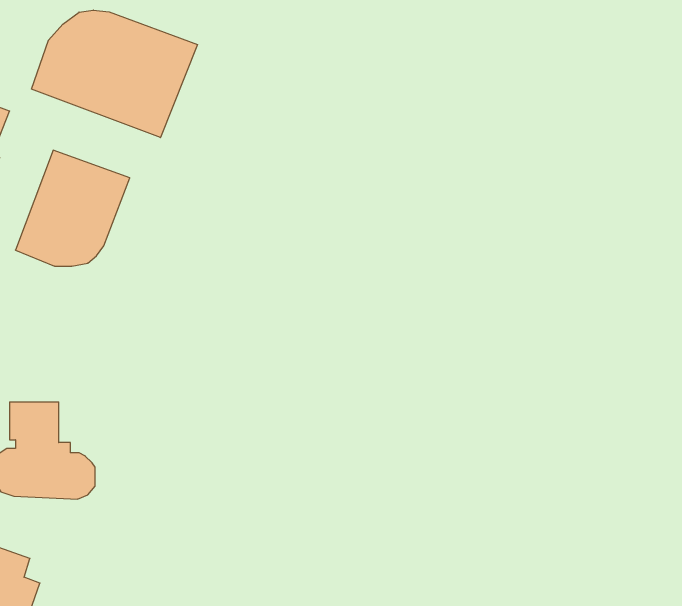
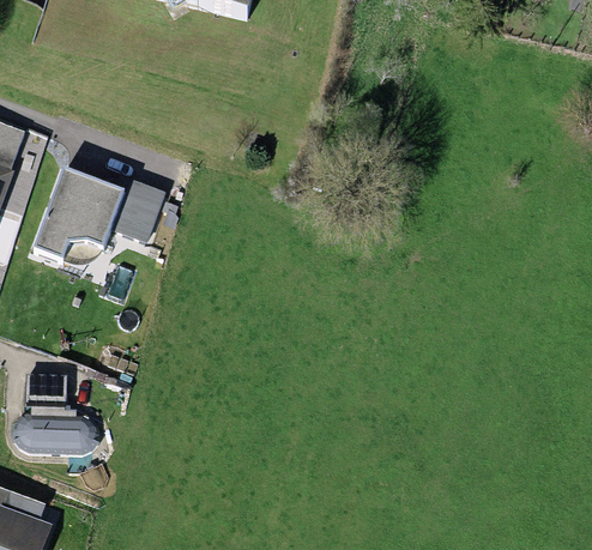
building: [32,10,197,138] -> none
building: none -> [115,181,164,242]

